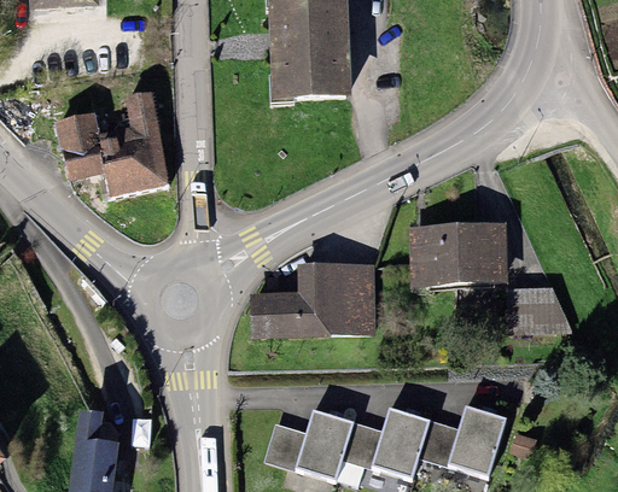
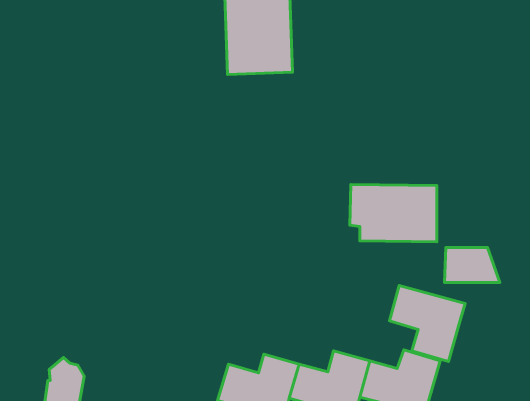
building: [51,107,169,200] -> none
building: [249,263,373,338] -> none
building: none -> [390,285,465,361]

